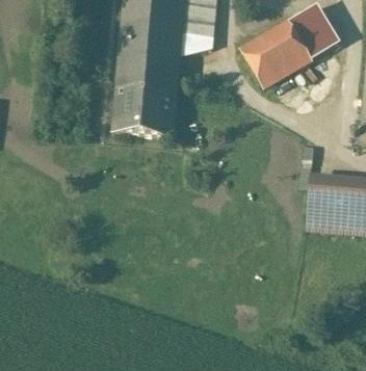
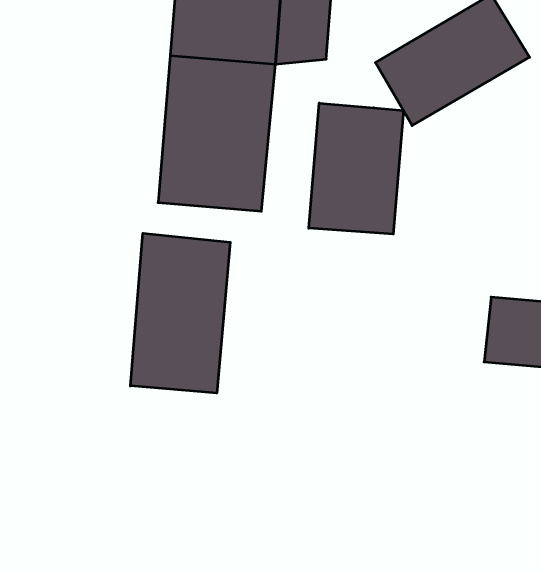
building: none -> [309,103,403,234]
building: none -> [130,233,230,393]

